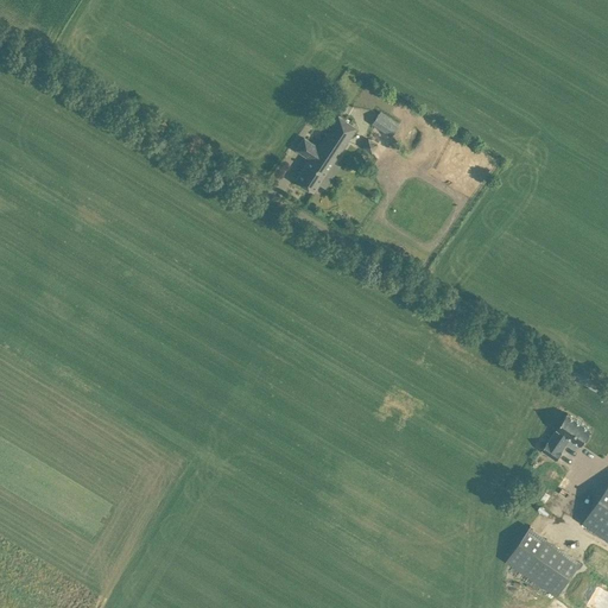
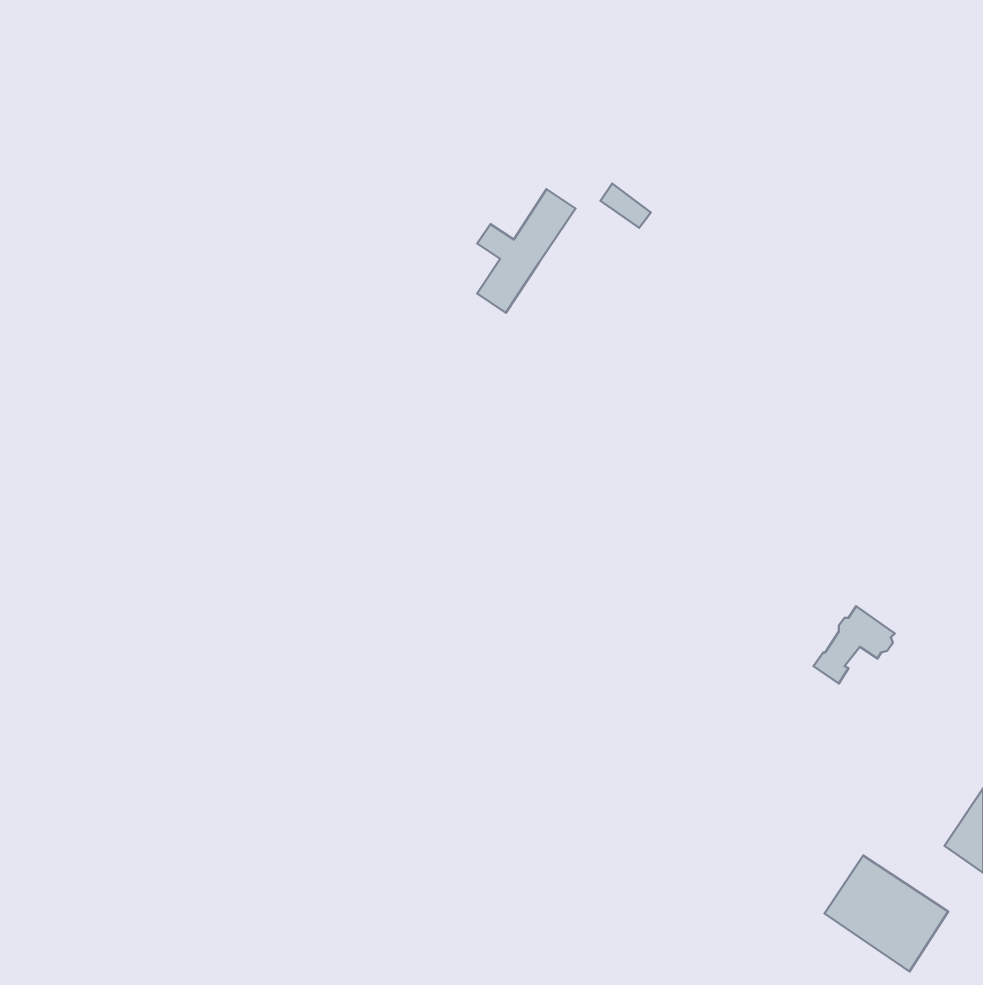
building: [539,414,589,462] -> [814,606,895,684]

